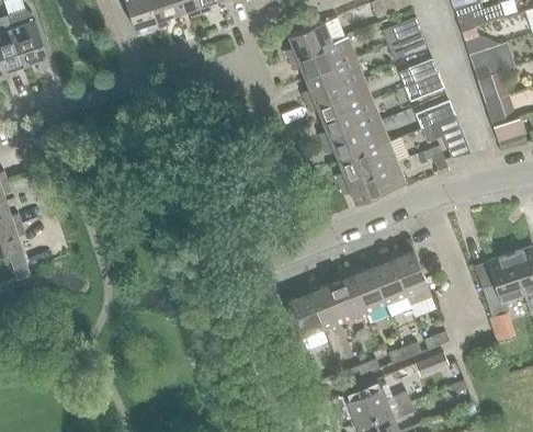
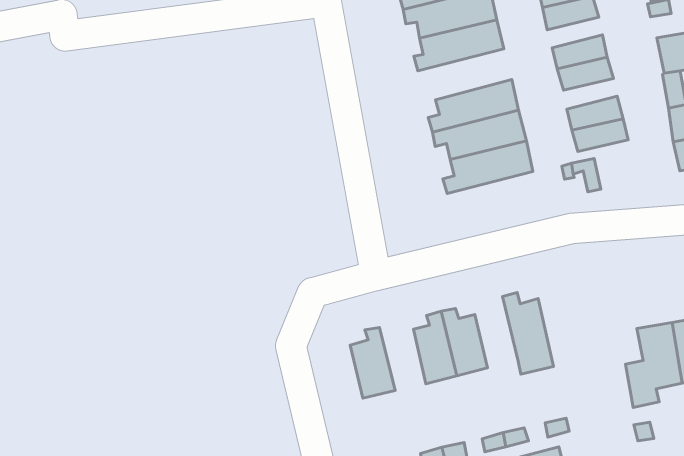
building: [306,78,373,121] -> none
building: [339,161,406,204] -> none
building: [371,252,406,304] -> none
building: [305,282,343,329] -> none

